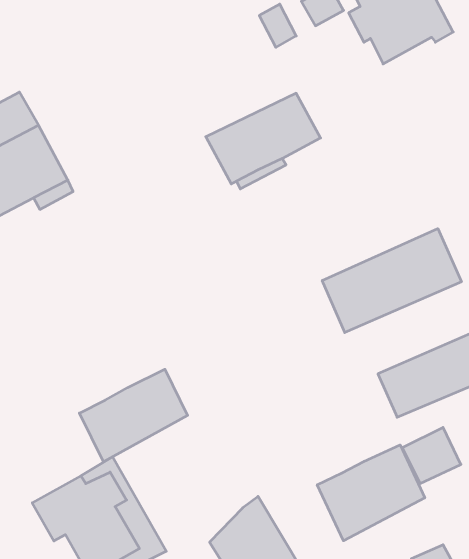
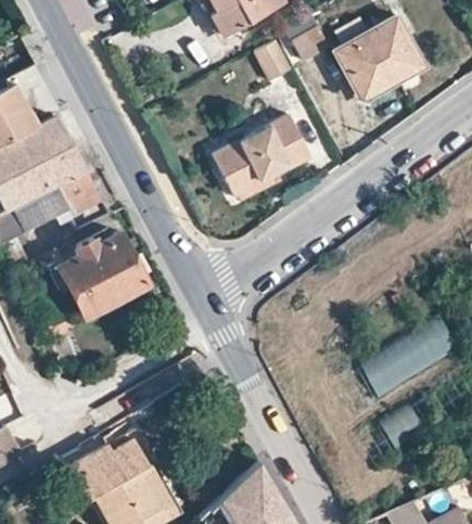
building: none -> [59,232,145,312]
building: [322,229,461,333] -> none
building: [79,369,188,462] -> none
building: [317,445,425,541] -> none

